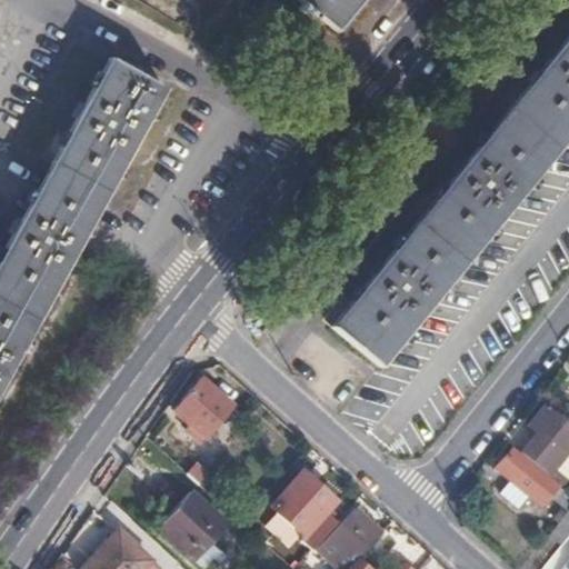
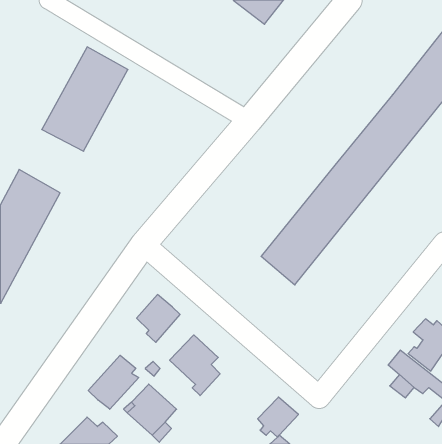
building: [28,166,110,247] -> none
building: none -> [88,355,139,409]
building: [274,470,339,548] -> [170,335,220,396]

